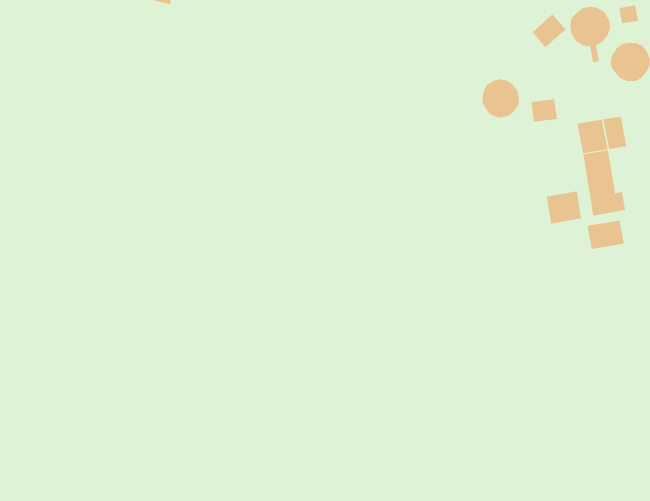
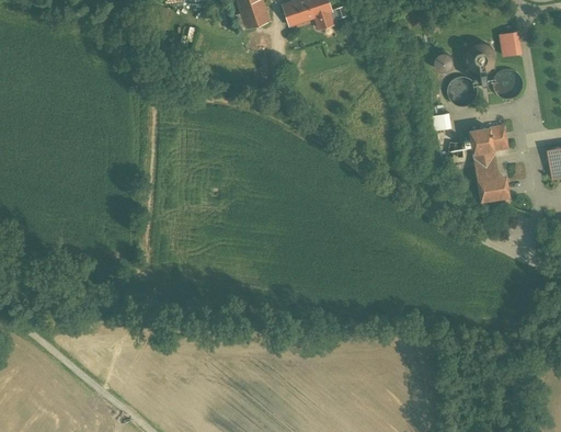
building: [482,79,519,118] -> [448,78,477,107]
building: [546,191,582,224] -> none
building: [587,220,624,250] -> none

